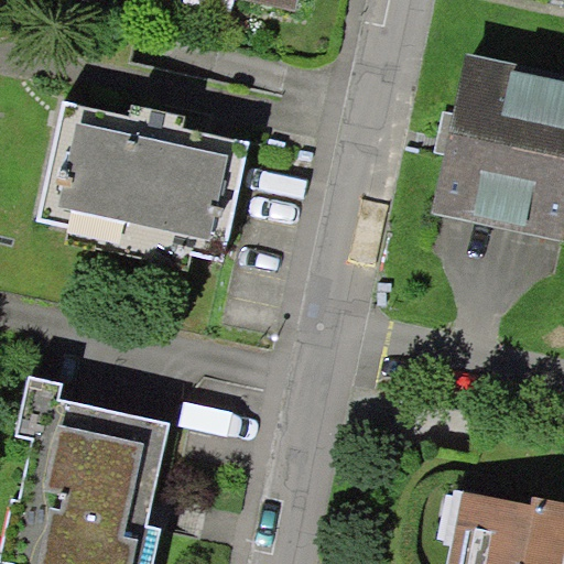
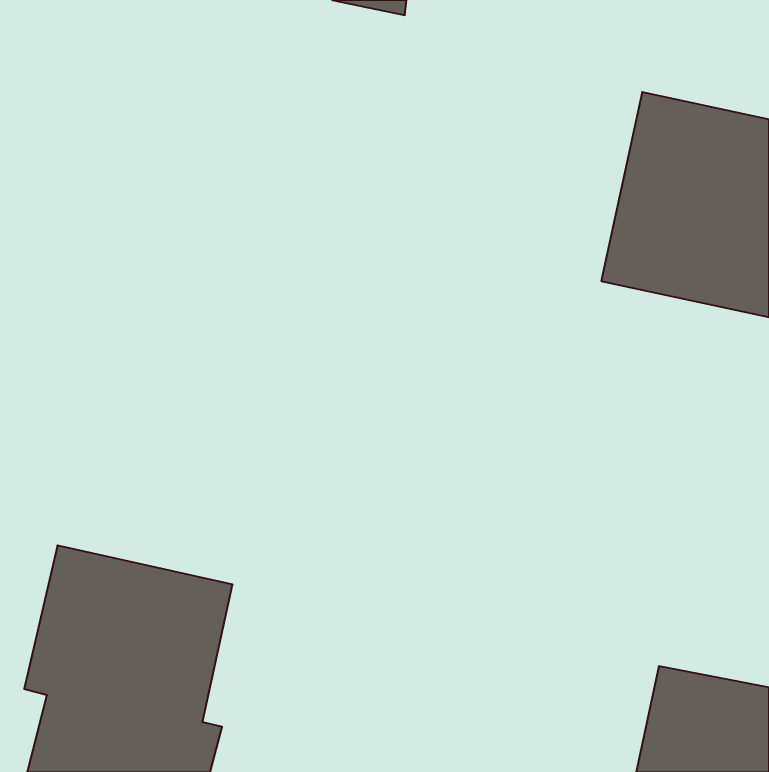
building: [42,106,253,265] -> none

